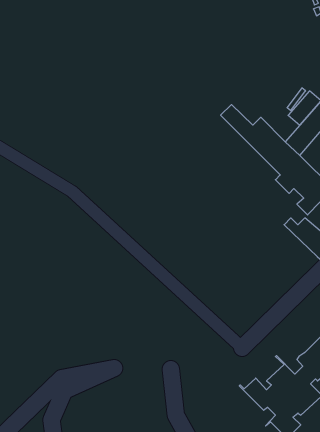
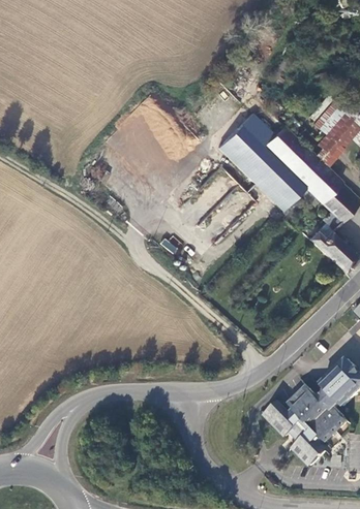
building: none -> [221,125,304,206]

